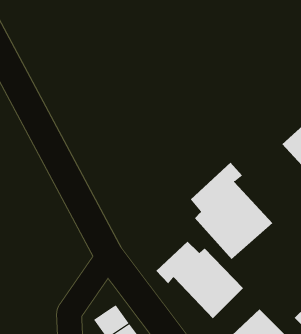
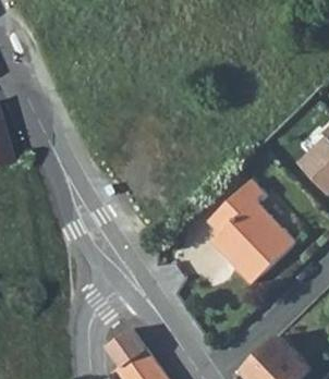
building: [155,241,244,319] -> none

